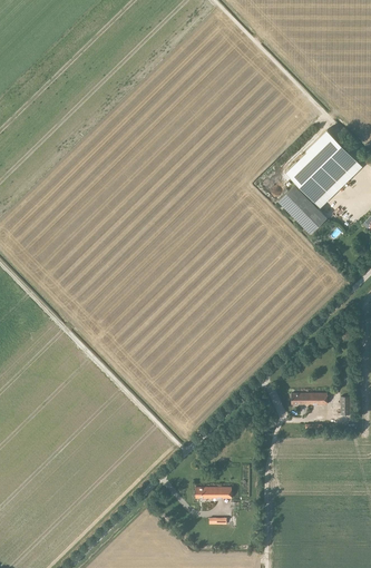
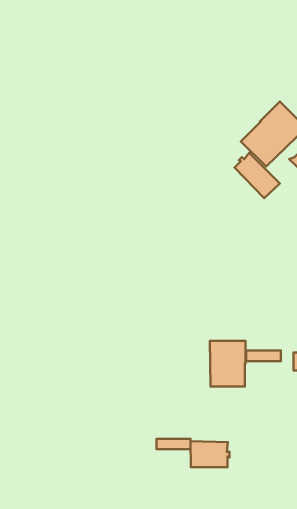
building: none -> [210,341,246,386]
building: none -> [190,441,230,467]

